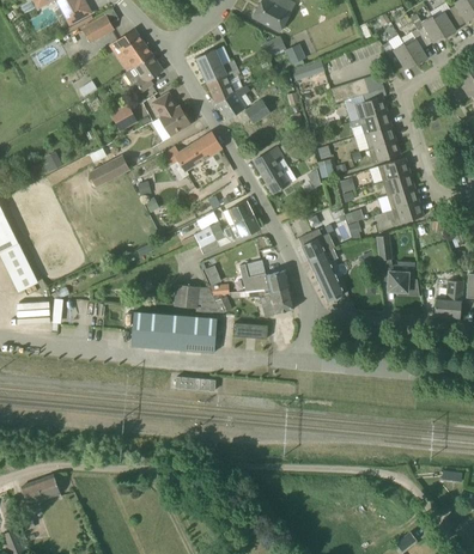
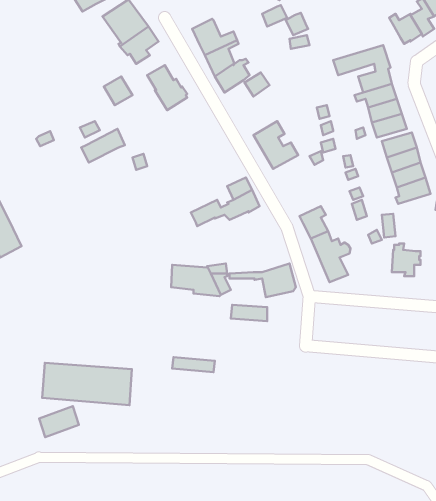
building: [164,132,221,172] -> none
building: [245,261,288,292] -> none
building: [127,312,213,353] -> [42,363,132,405]
building: [22,475,60,505] -> [39,406,79,437]

